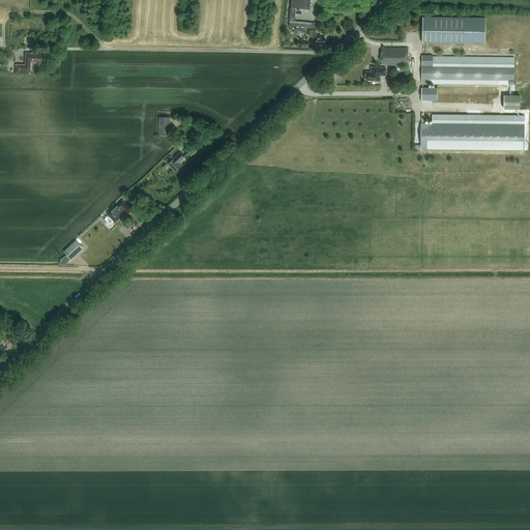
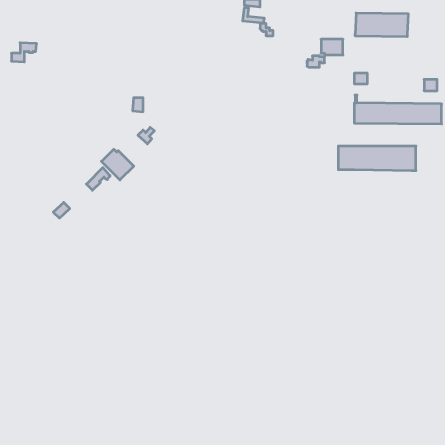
building: [421,55,513,84] -> [338,146,416,171]
building: none -> [101,149,134,180]

